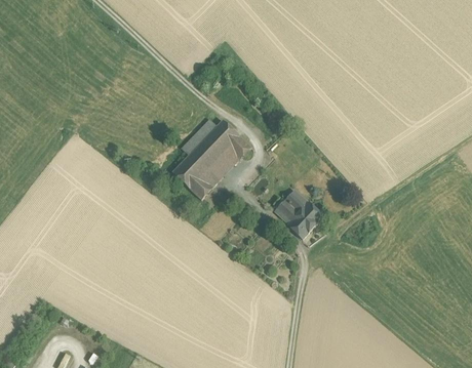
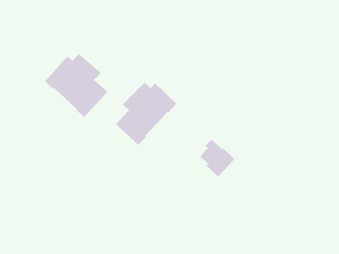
building: none -> [44,53,108,118]

